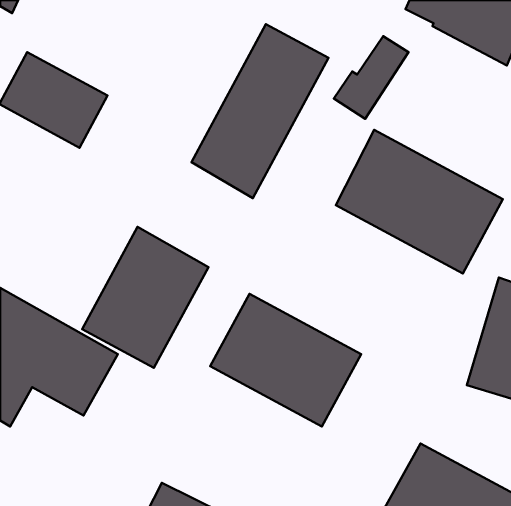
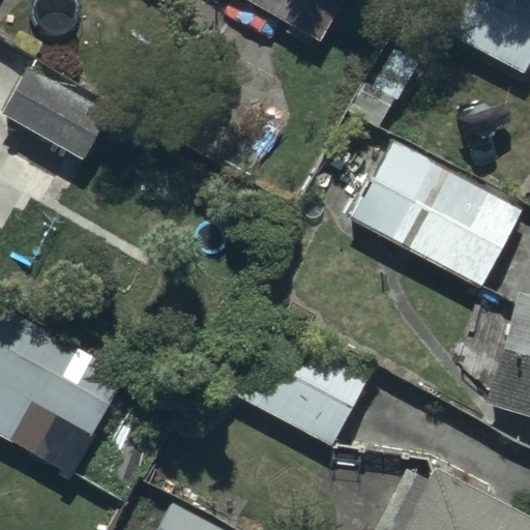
building: [191,24,329,198] -> none
building: [82,227,208,368] -> none

